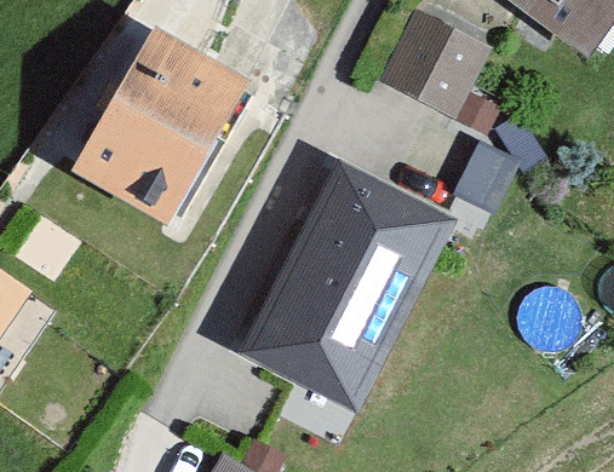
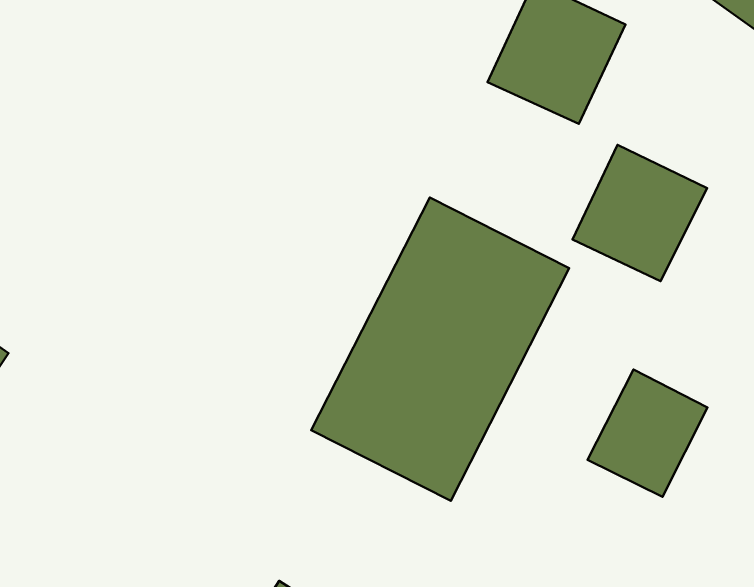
building: [78,40,236,217] -> none
building: none -> [587,370,707,497]

